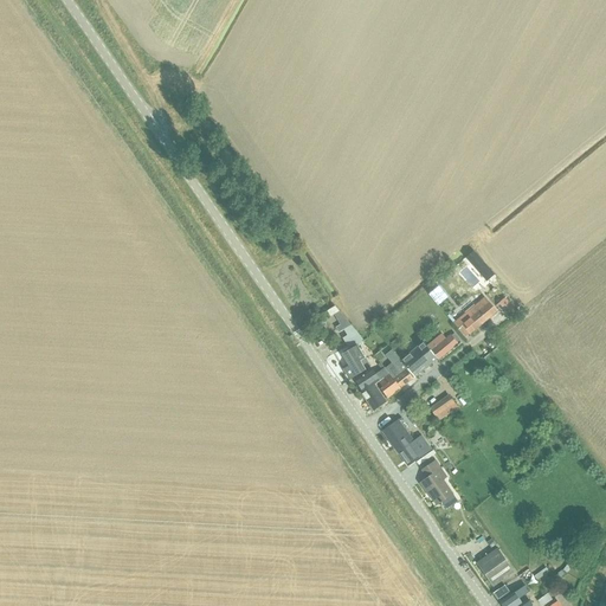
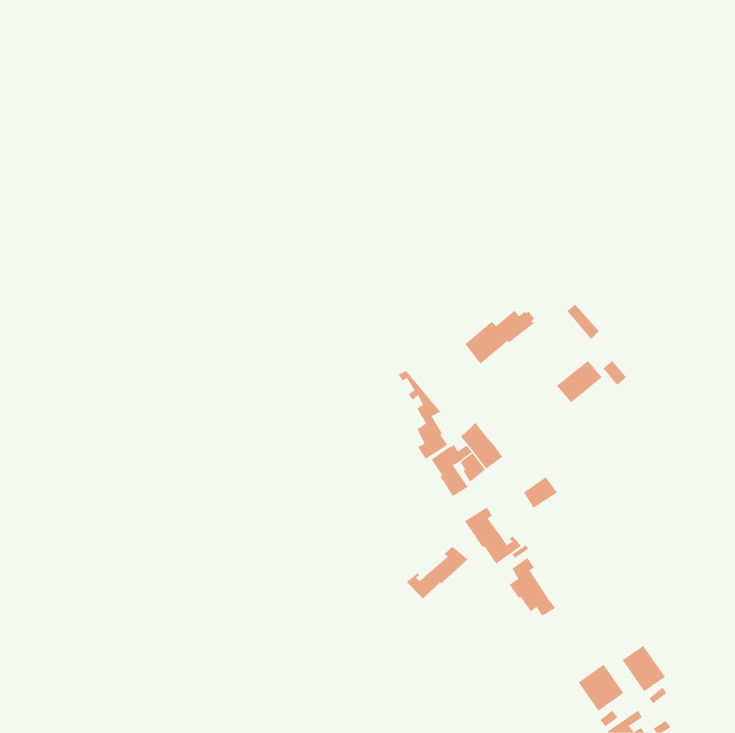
building: [400,330,458,375] -> [464,310,535,364]
building: none -> [406,546,468,599]
building: none -> [622,645,666,692]

